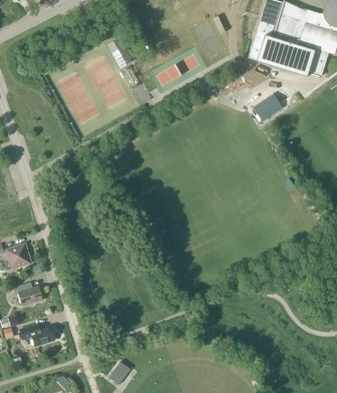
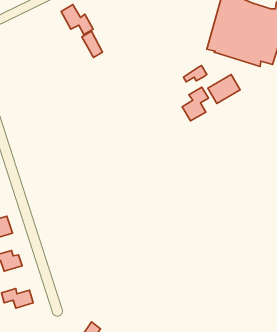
building: none -> [61,5,93,34]
building: none -> [182,87,208,121]

